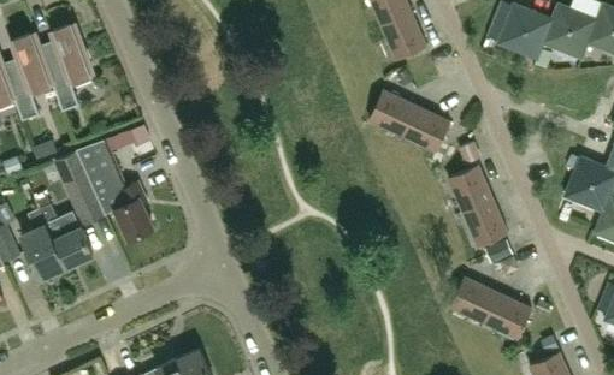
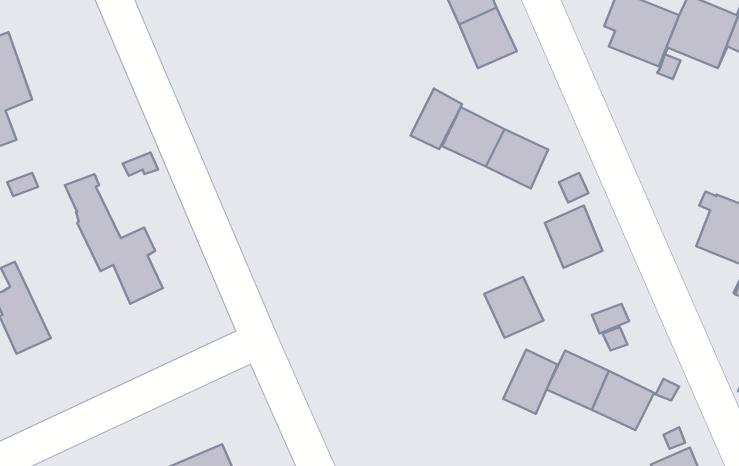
building: [34,24,94,112] -> none
building: none -> [410,88,462,149]
building: [55,150,104,224] -> none
building: [36,197,93,268] -> none
building: [462,201,508,248] -> [484,277,544,338]
building: none -> [503,350,558,414]

